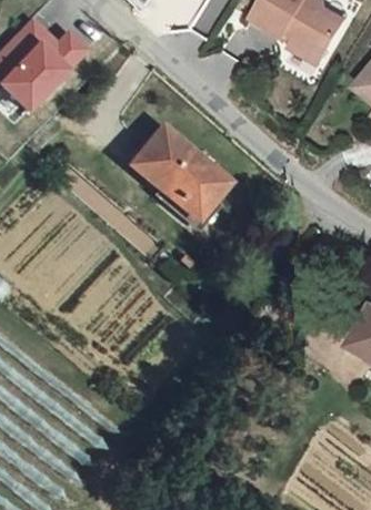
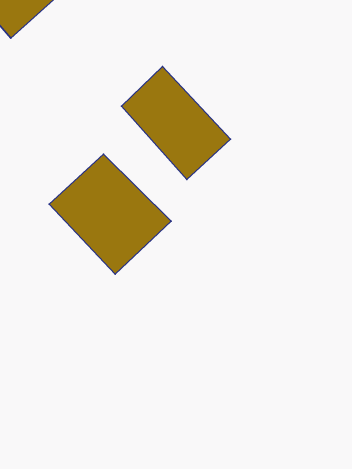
building: none -> [49,154,171,274]

